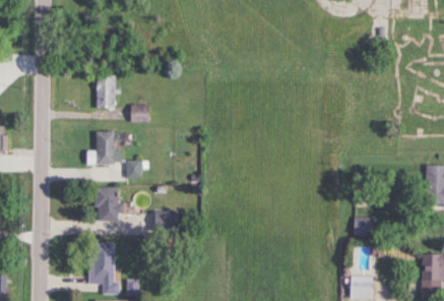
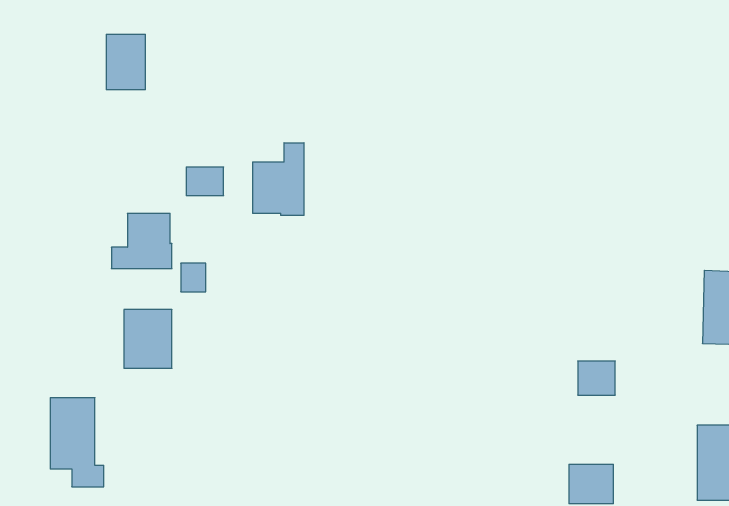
building: [94,76,117,108] -> [106,34,145,90]
building: none -> [253,143,304,215]
building: [89,243,120,294] -> [50,398,104,487]

